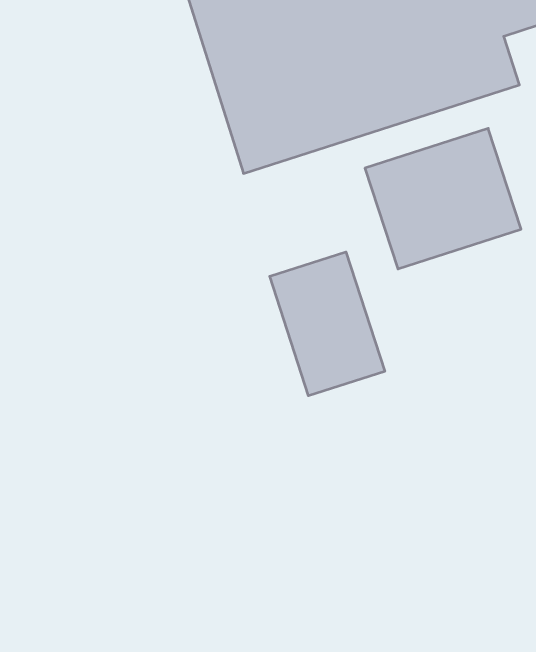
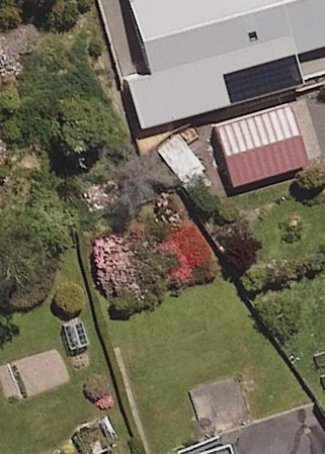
building: [270,252,385,396] -> none

